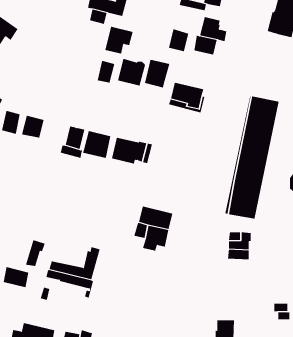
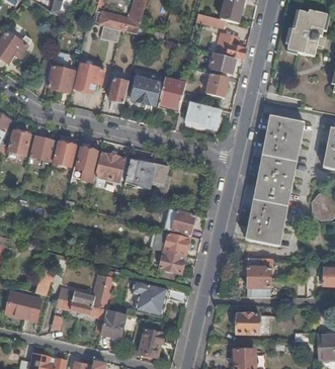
building: [105,26,134,54] -> [75,63,105,92]
building: [168,29,189,52] -> [206,73,229,97]
building: none -> [48,66,74,92]
building: none -> [53,142,75,166]
building: none -> [163,208,195,236]
building: none -> [132,280,168,315]
building: none -> [100,309,127,339]
building: none -> [236,313,269,334]
building: none -> [140,329,162,356]

